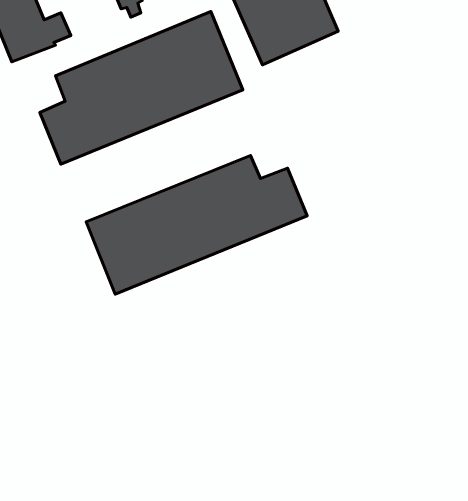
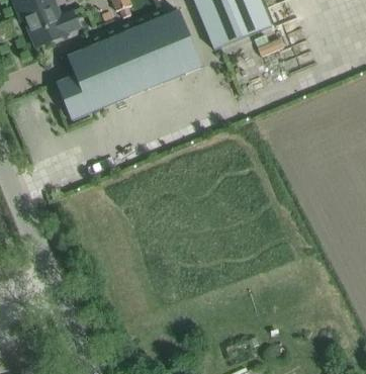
building: [86,156,307,294] -> none

